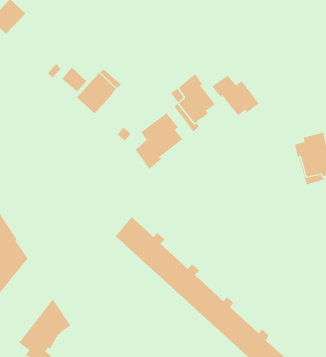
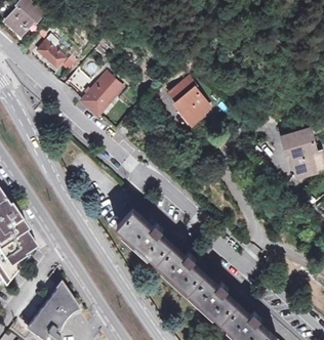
building: none -> [38,33,68,67]
building: [212,75,260,116] -> none
building: [135,112,183,170] -> none

